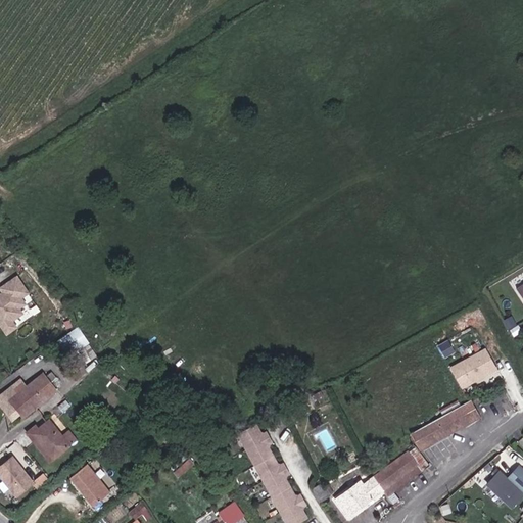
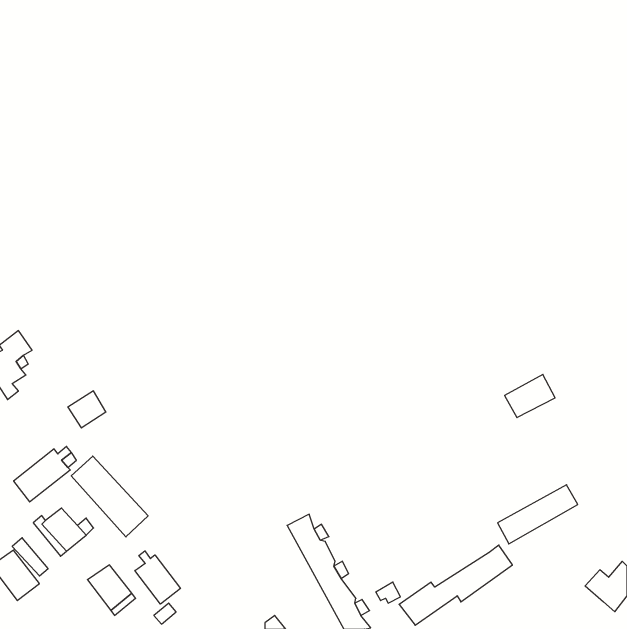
building: [453,350,494,386] -> [505,374,555,418]
building: none -> [71,456,148,537]
building: none -> [135,551,180,604]

